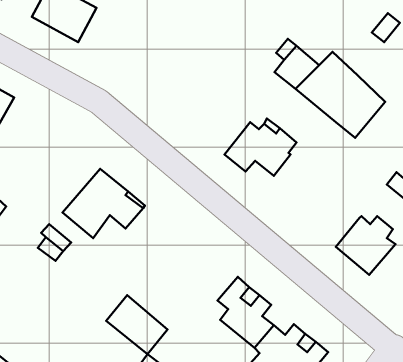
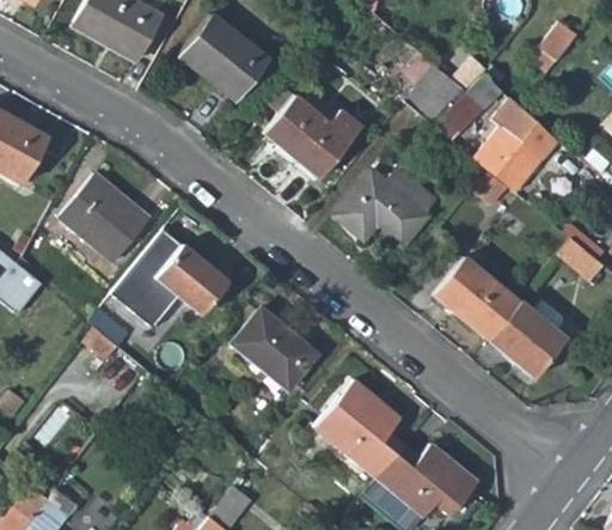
building: none -> [182,16,270,99]
building: none -> [263,96,362,178]
building: none -> [61,173,152,261]
building: none -> [436,257,521,340]
building: [106,295,168,354] -> [233,307,317,388]

